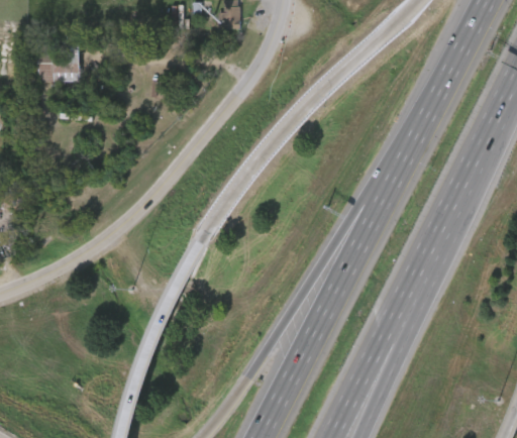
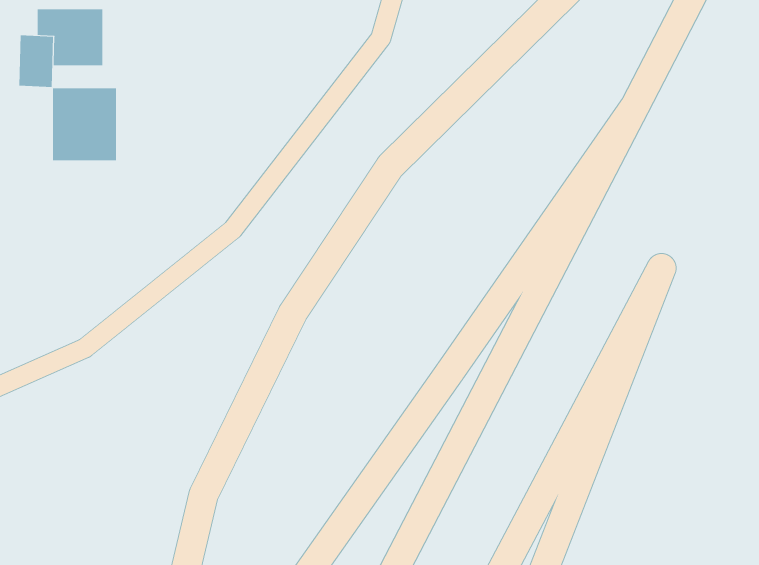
building: none -> [52,87,116,161]

